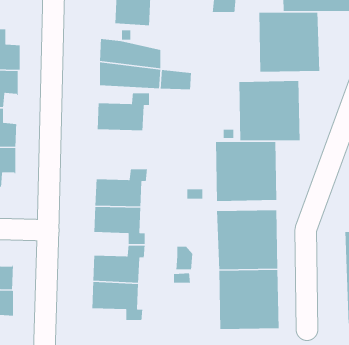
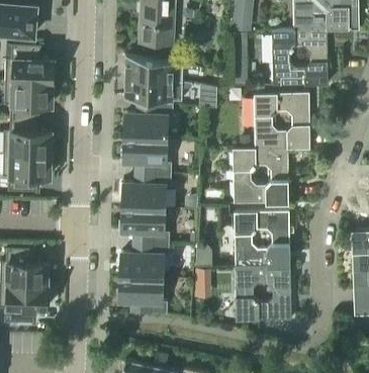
building: none -> [123,139,170,175]

